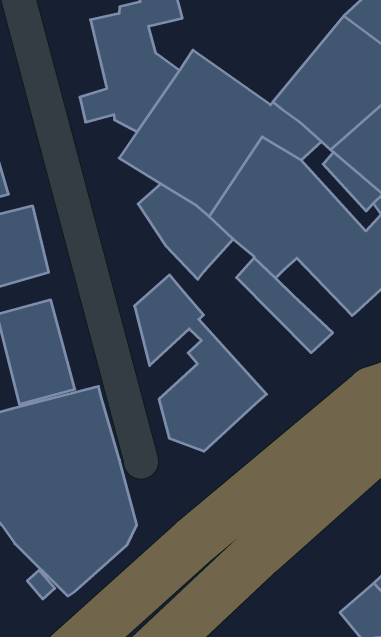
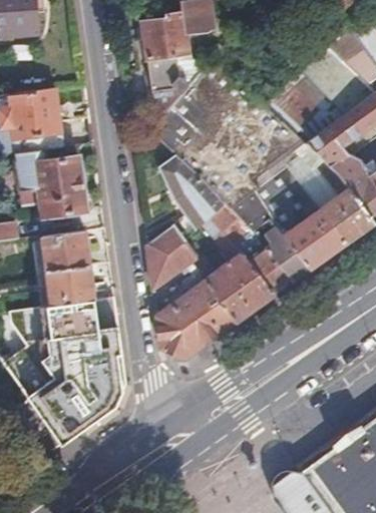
building: none -> [200,200,276,320]
building: none -> [264,220,310,280]

